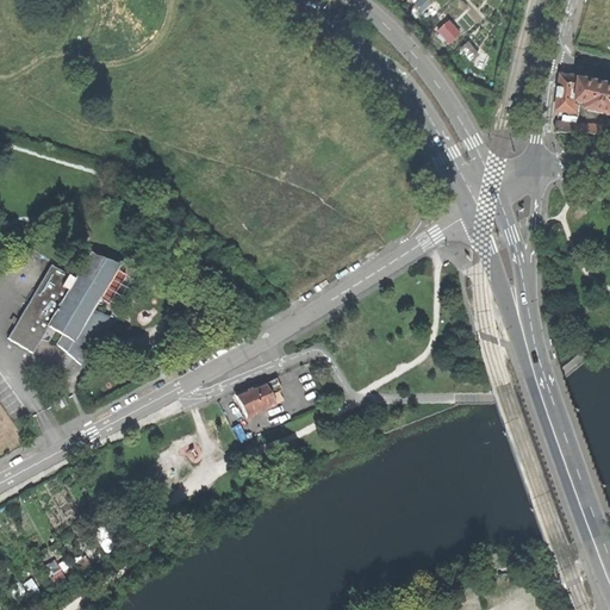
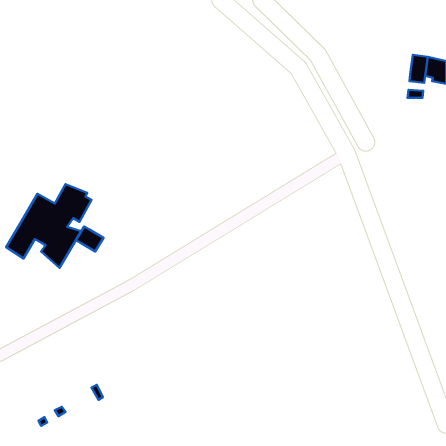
building: none -> [76,226,104,252]
building: [236,376,281,418] -> none

